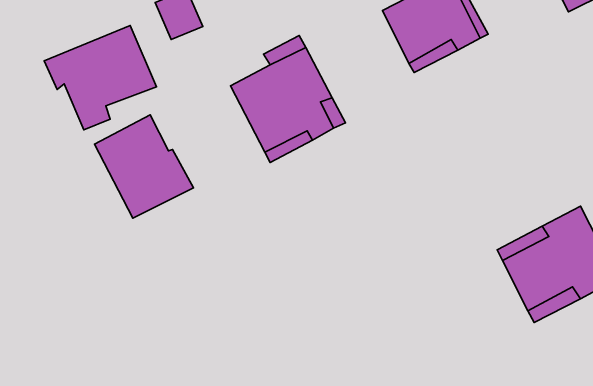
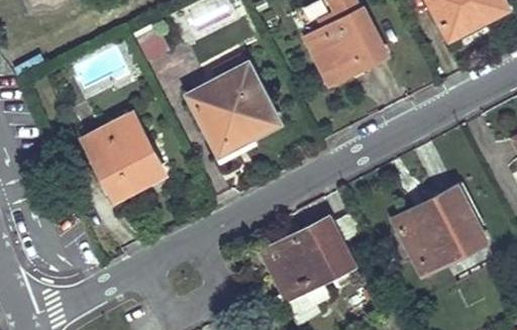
building: [44,26,156,130] -> none
building: none -> [262,218,353,298]

